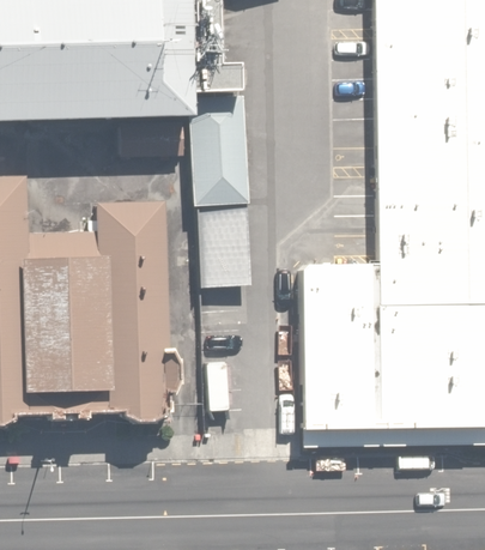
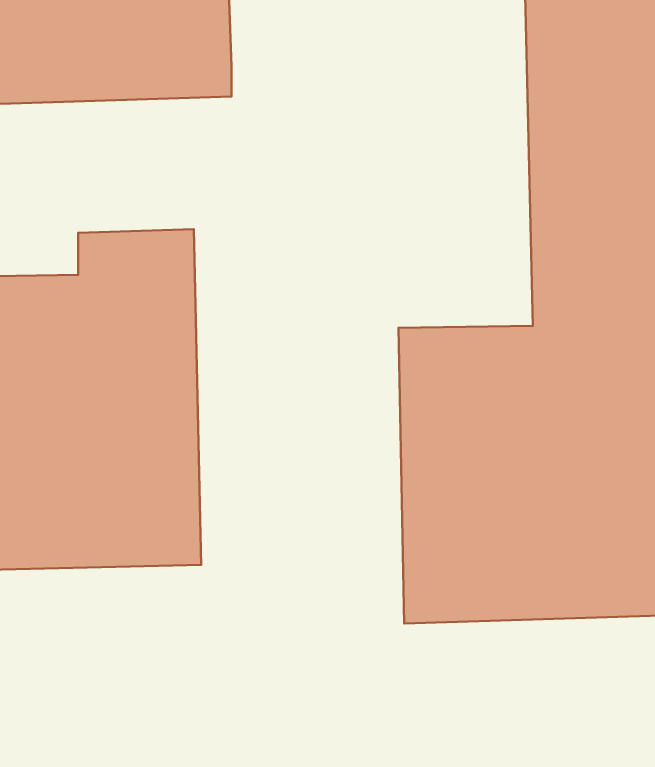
building: [190,92,253,283] -> none

